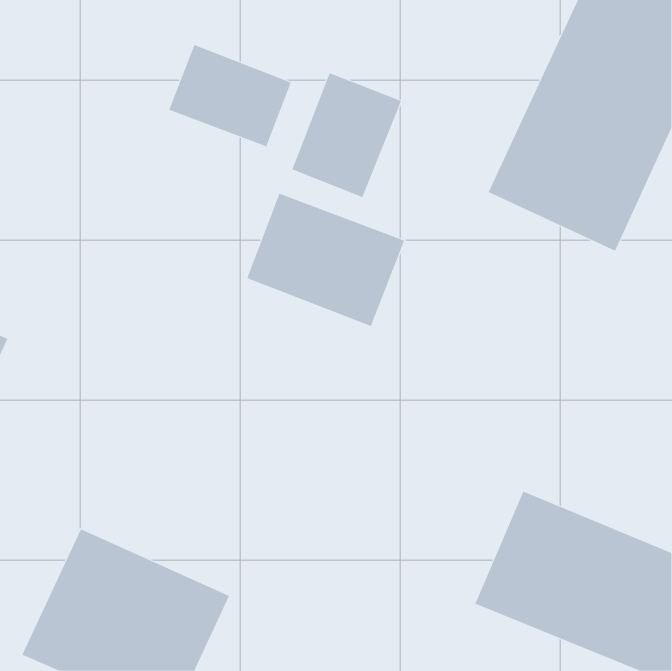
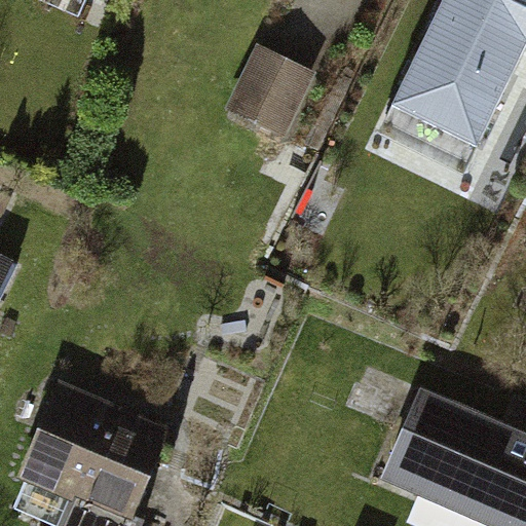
building: [169,44,291,147] -> none
building: [247,193,405,327] -> none

